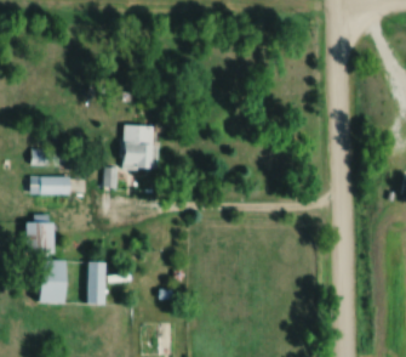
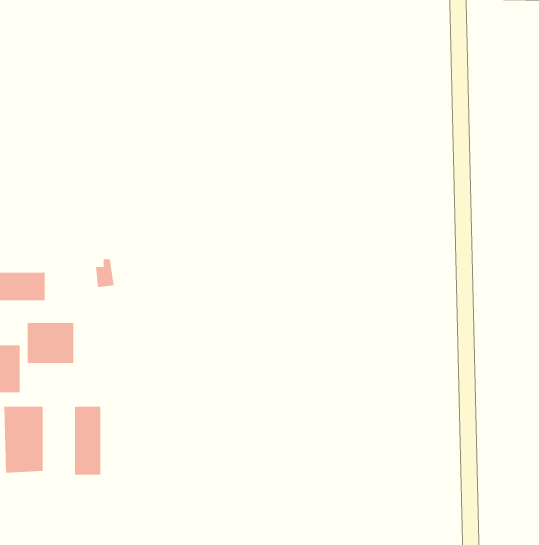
building: [121,125,155,169] -> none
building: none -> [27,322,74,364]

